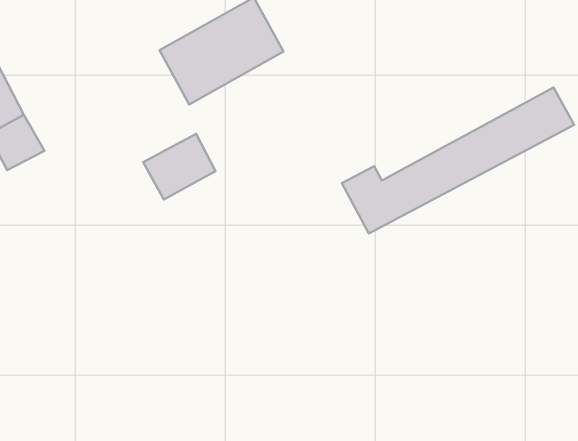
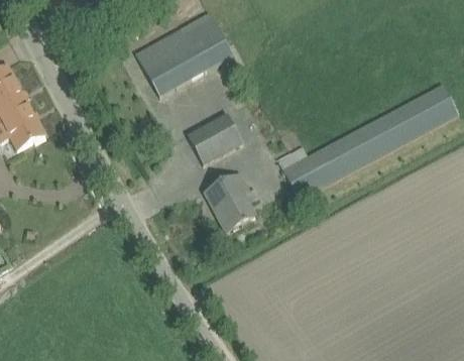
building: [143,134,215,200] -> [187,113,243,164]
building: none -> [204,172,255,232]

